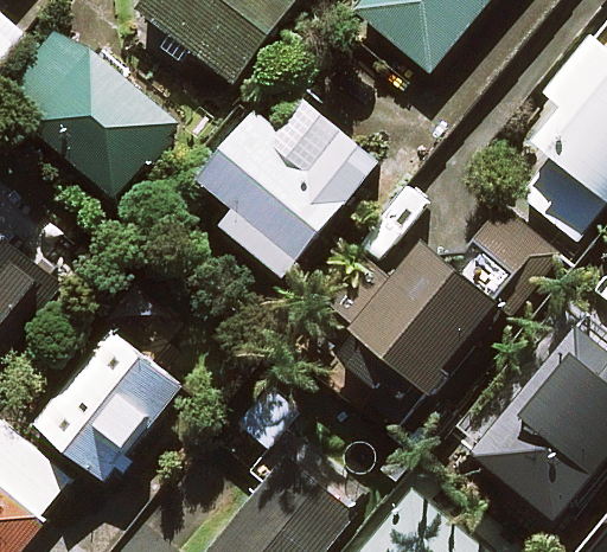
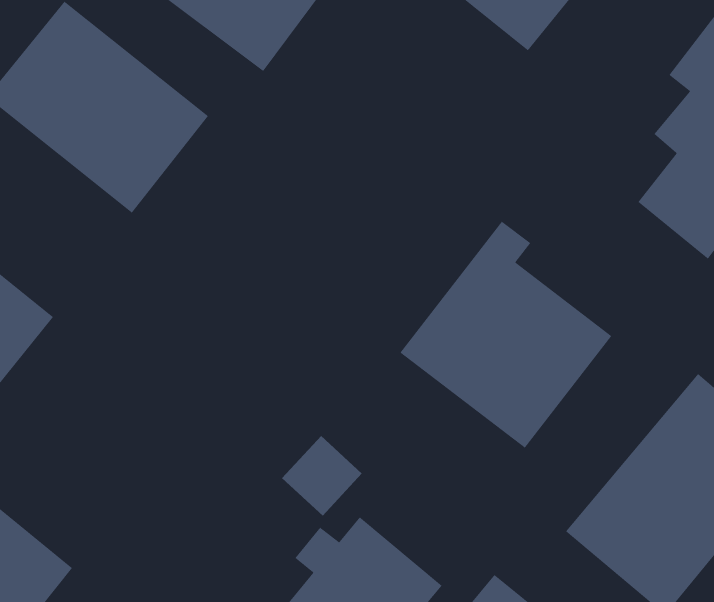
building: [204,102,384,277] -> none
building: [30,330,177,481] -> none

